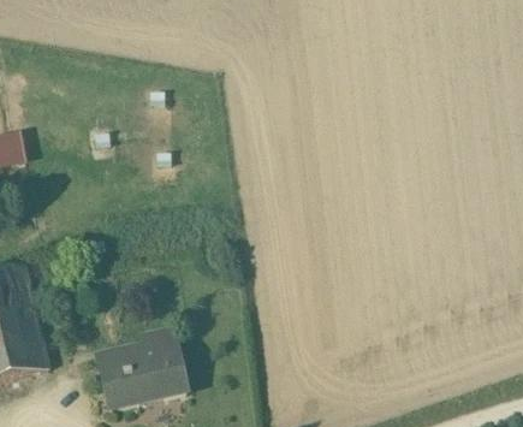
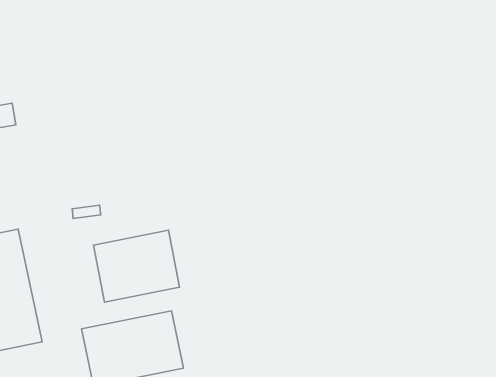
building: none -> [94,230,179,302]

